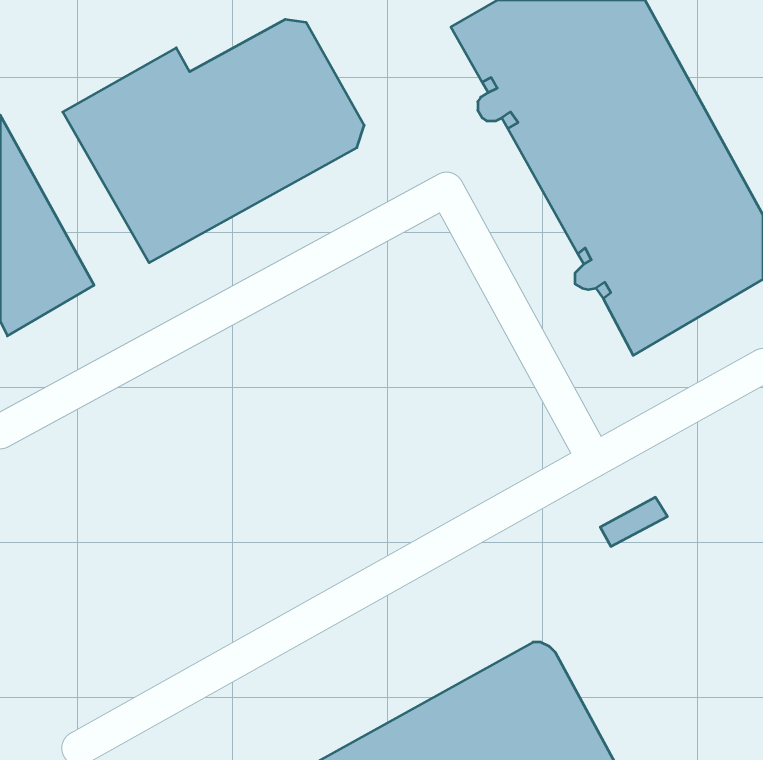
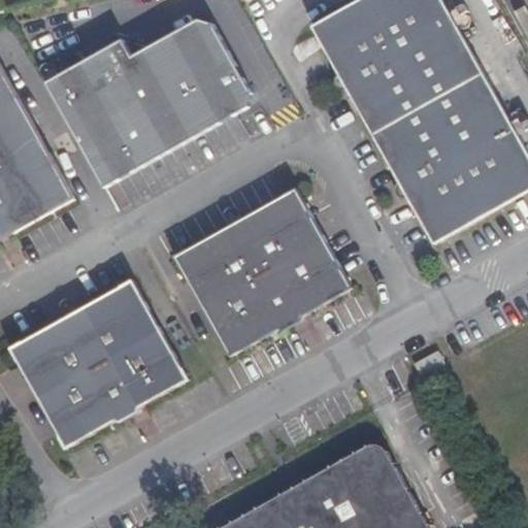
building: none -> [171,188,350,358]
building: none -> [7,279,186,450]

